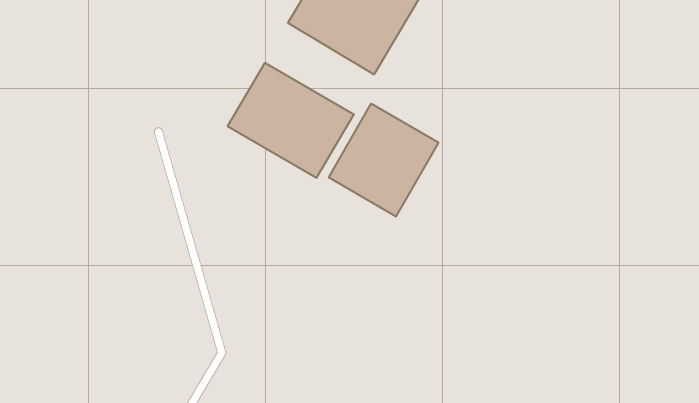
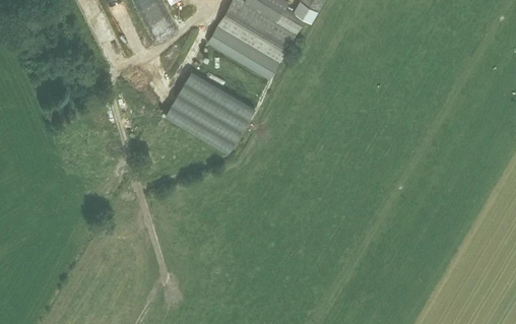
building: [329,104,438,217] -> none

